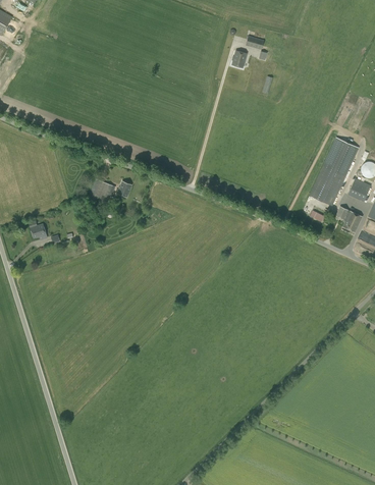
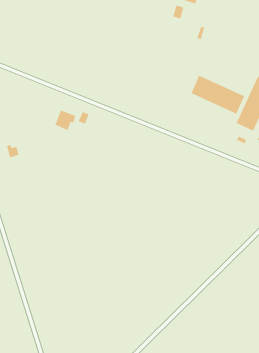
building: none -> [191,75,245,114]

